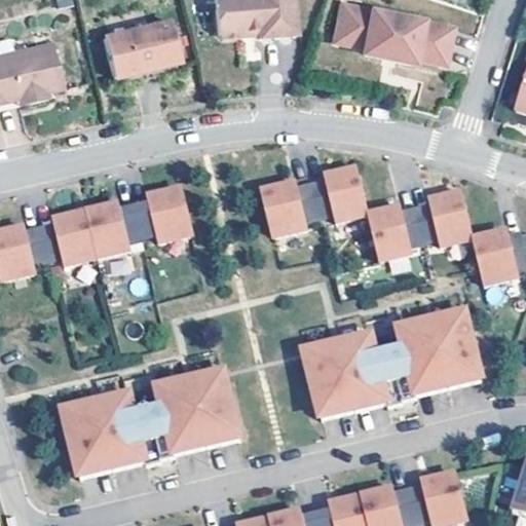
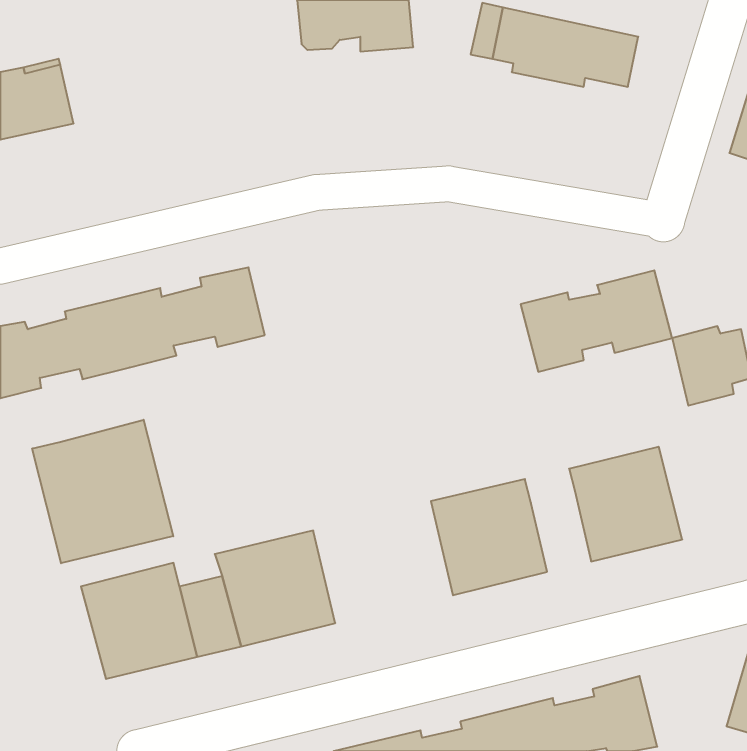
building: [99,18,177,76] -> none
building: [261,165,367,236] -> none
building: none -> [32,420,173,563]
building: [374,343,416,400] -> none

